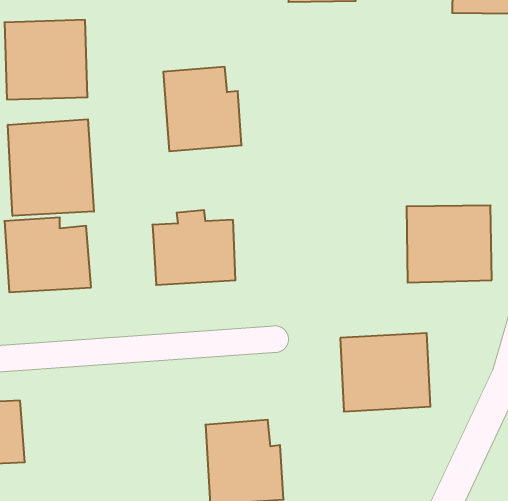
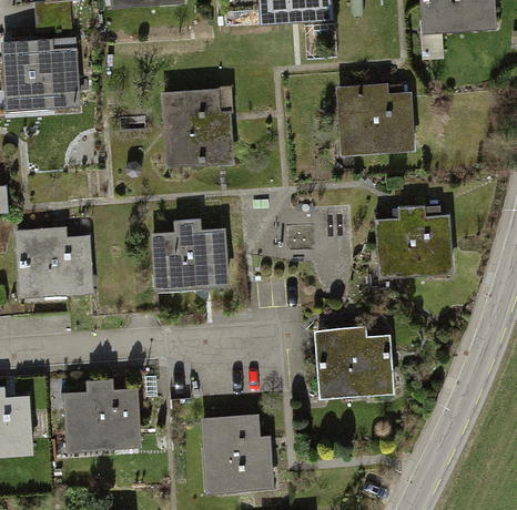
building: none -> [351,93,435,157]
building: [8,119,94,216] -> none
building: none -> [59,378,138,448]

